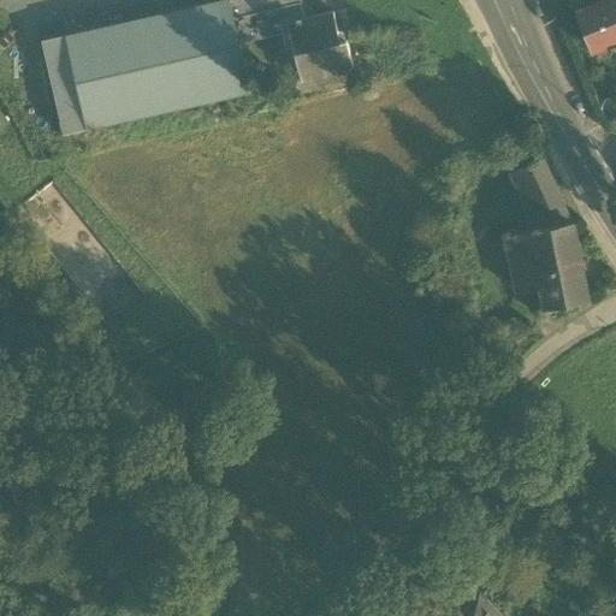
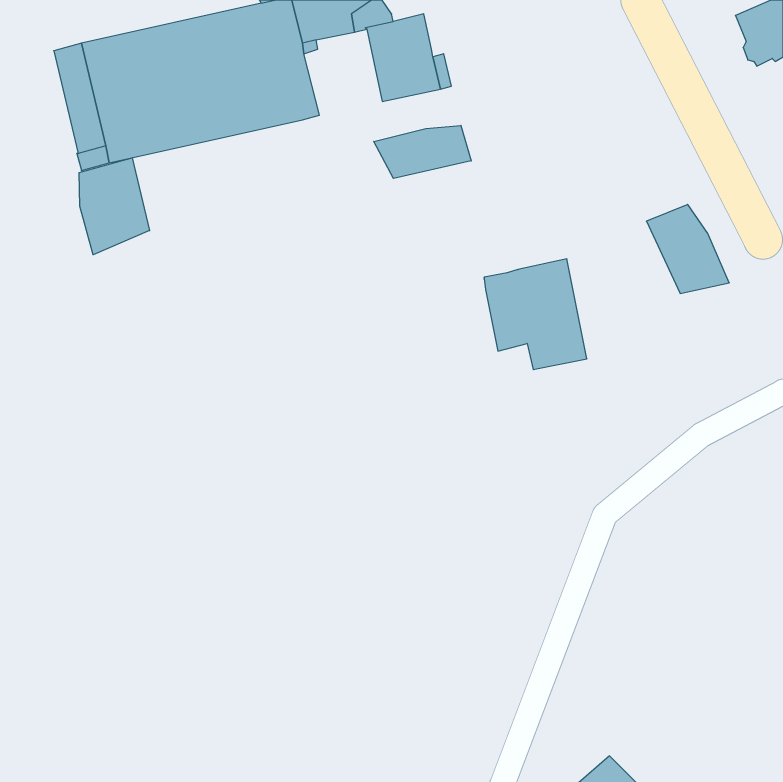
building: none -> [374,125,471,178]
building: none -> [79,158,150,255]
building: [507,224,587,310] -> [484,259,587,370]

